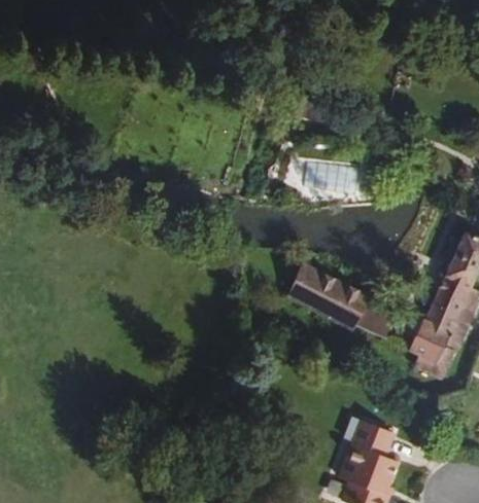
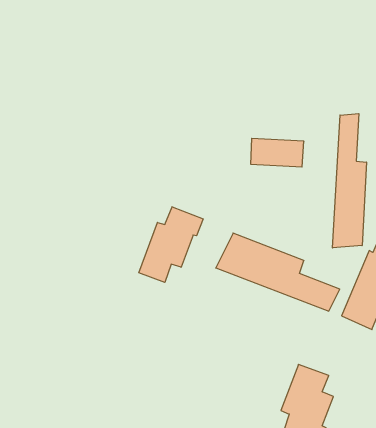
building: none -> [333,114,366,248]
building: none -> [139,207,203,282]

